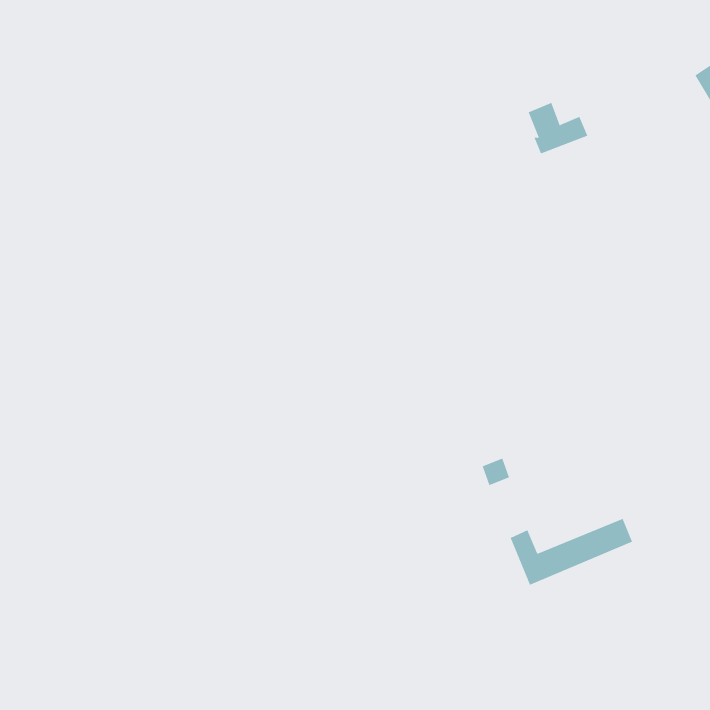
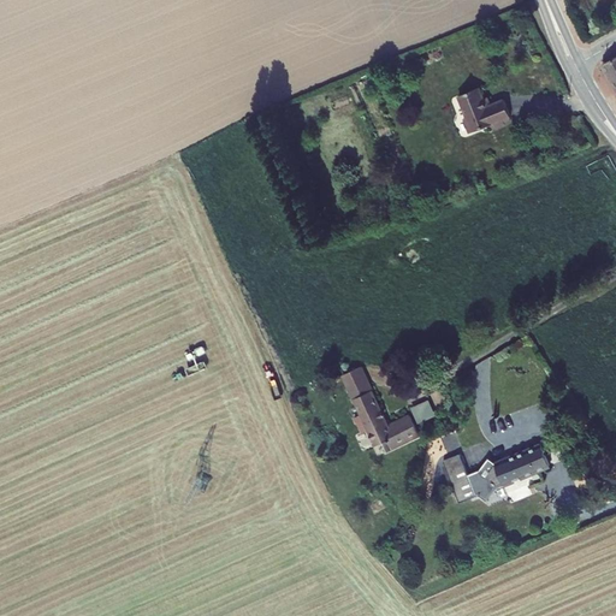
building: none -> [342,367,419,452]

